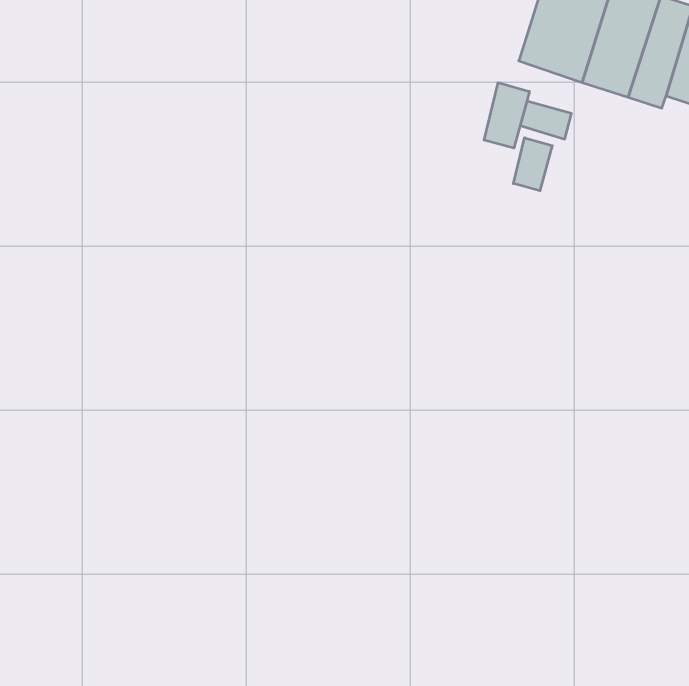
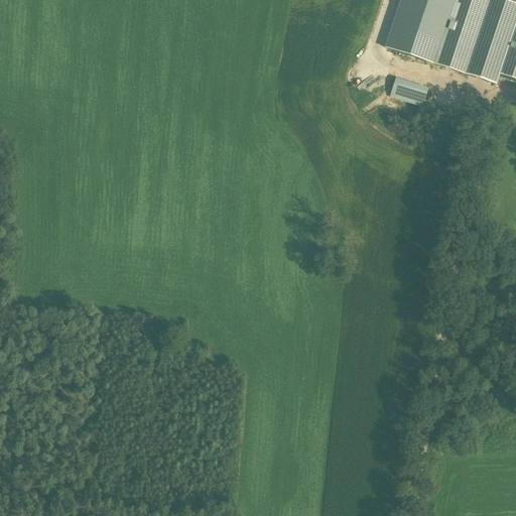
building: [484,83,529,148] -> none
building: [513,138,552,191] -> none

